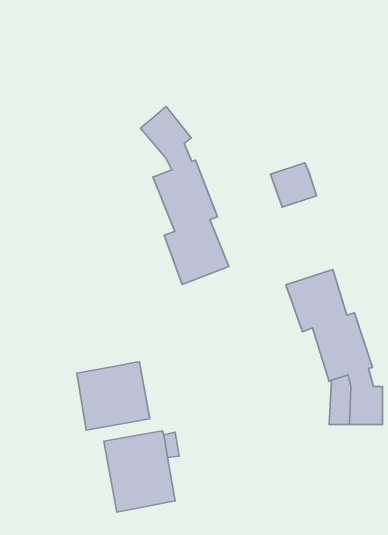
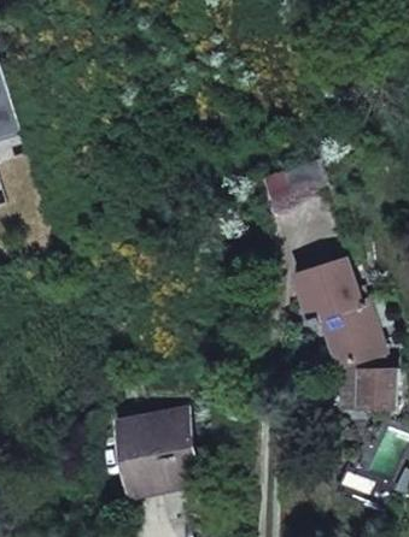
building: [140,106,229,285] -> none
building: [77,362,150,430] -> none

